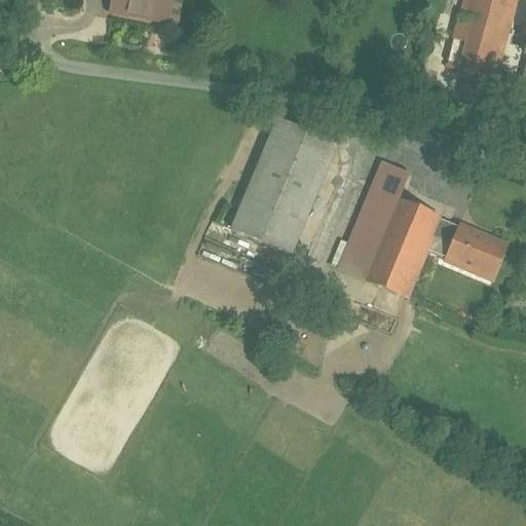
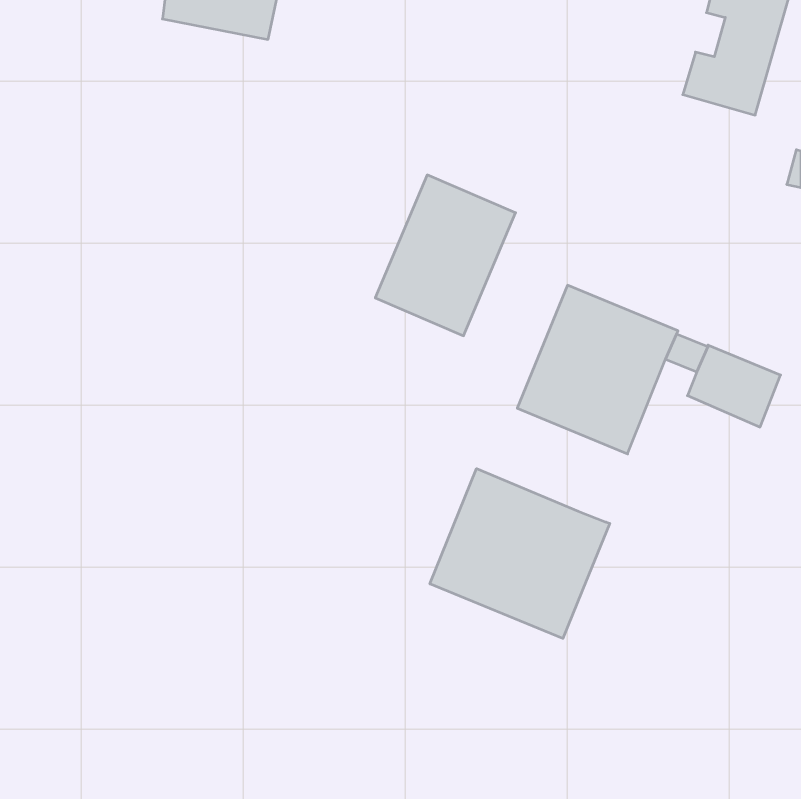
building: [370,158,411,198] -> none
building: [231,194,302,250] -> none
building: none -> [430,469,610,638]

